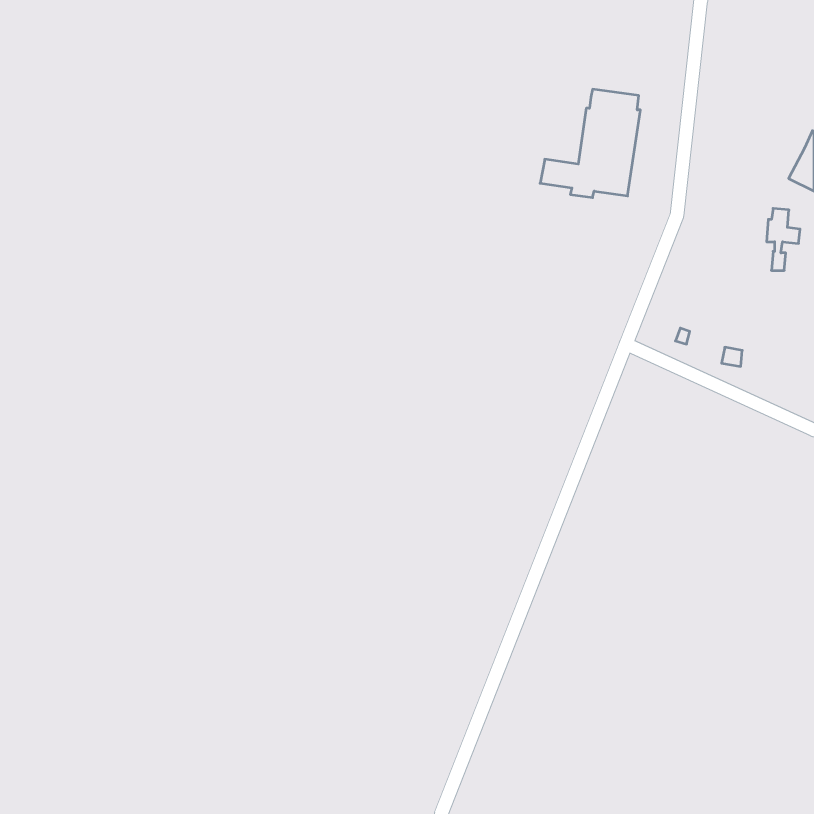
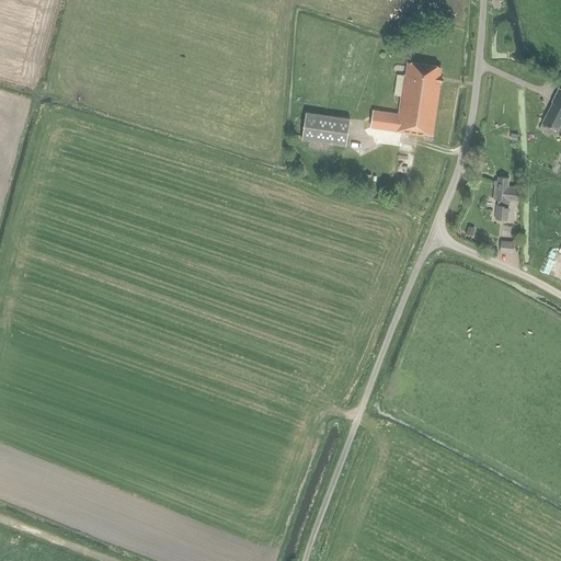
building: none -> [302,111,351,144]
building: [767,208,800,270] -> [493,175,516,218]

